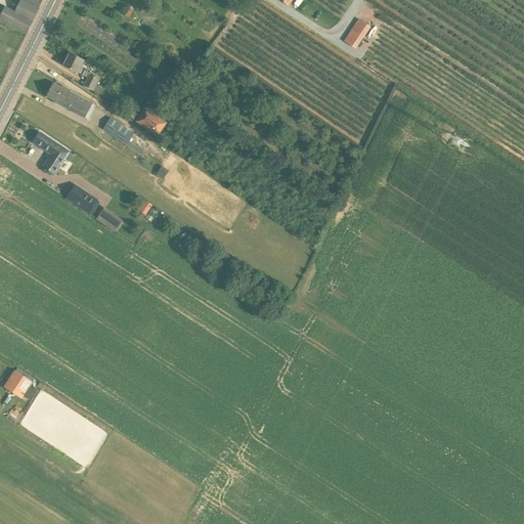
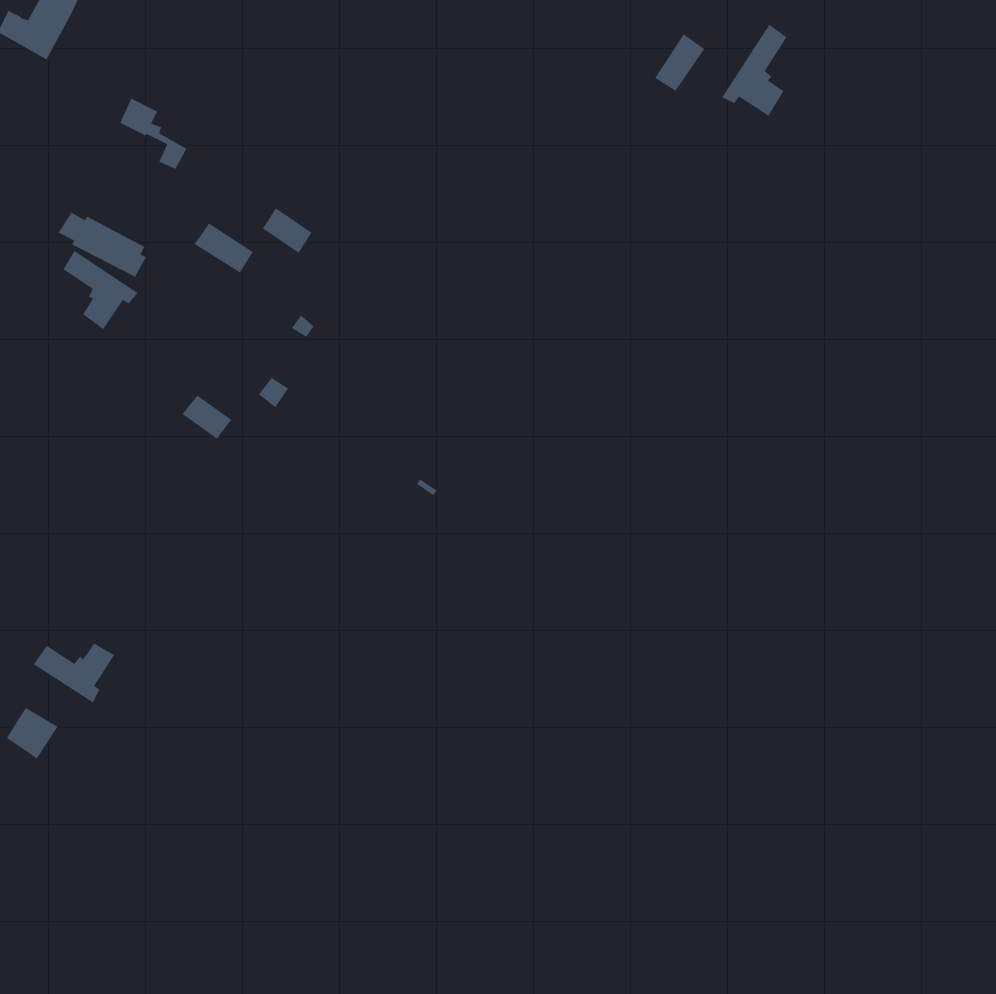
building: none -> [721,24,788,117]
building: [46,83,93,118] -> [57,212,147,278]
building: [66,184,96,212] -> none
building: none -> [33,642,115,703]

